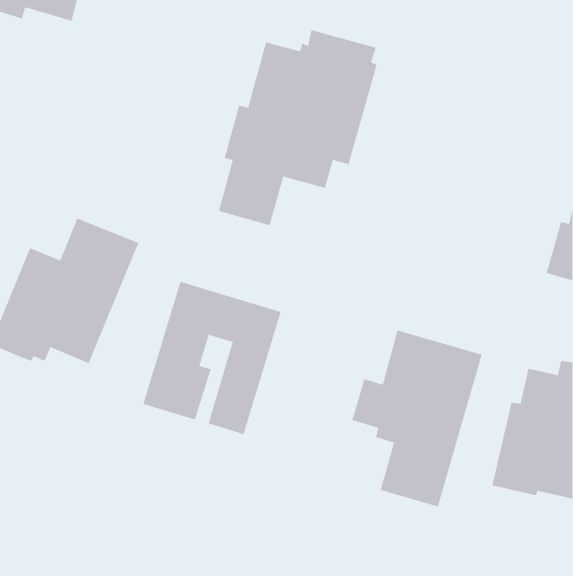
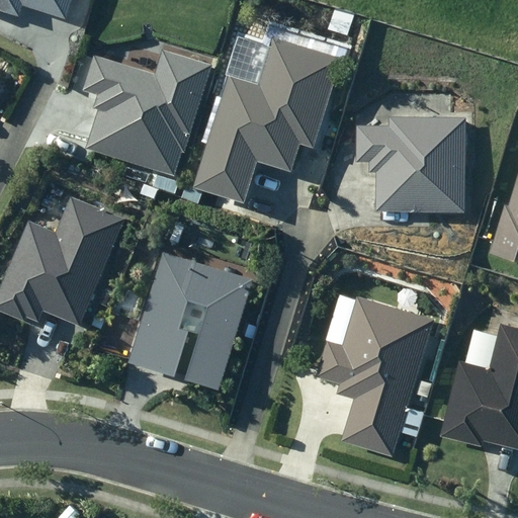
building: none -> [84,51,210,175]
building: none -> [355,115,466,213]

